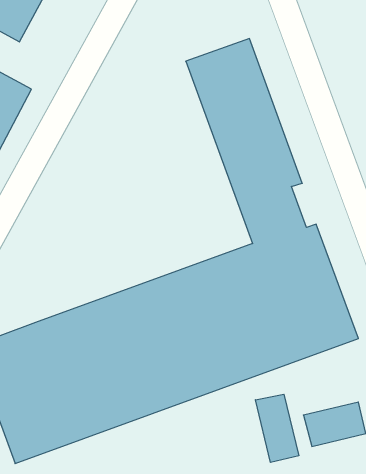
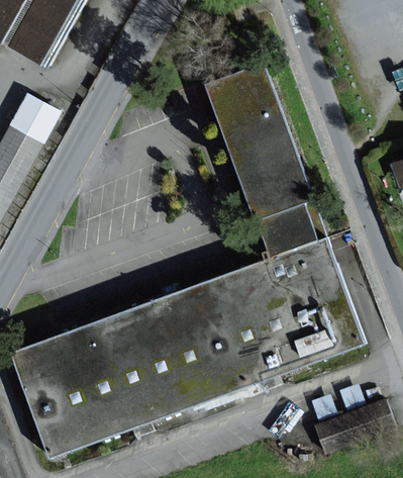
building: [255,394,299,462] -> none

